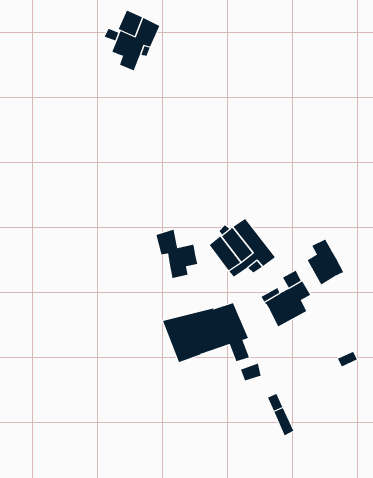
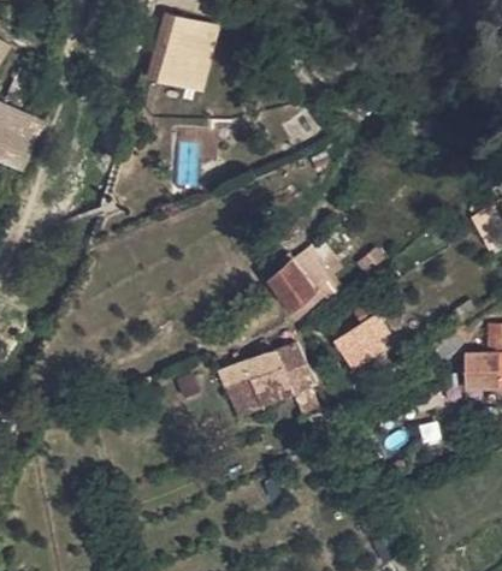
building: [156,229,198,279] -> none
building: [307,239,344,286] -> none

